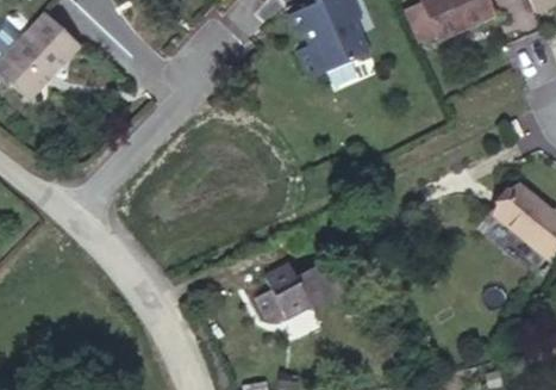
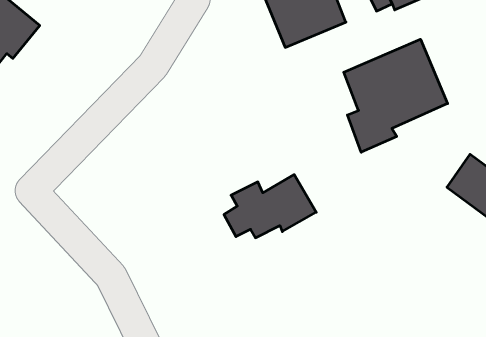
building: none -> [344,39,448,152]
building: [260,258,350,320] -> [224,175,316,238]

